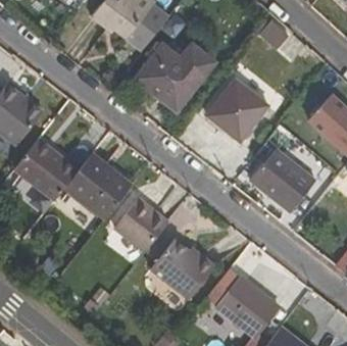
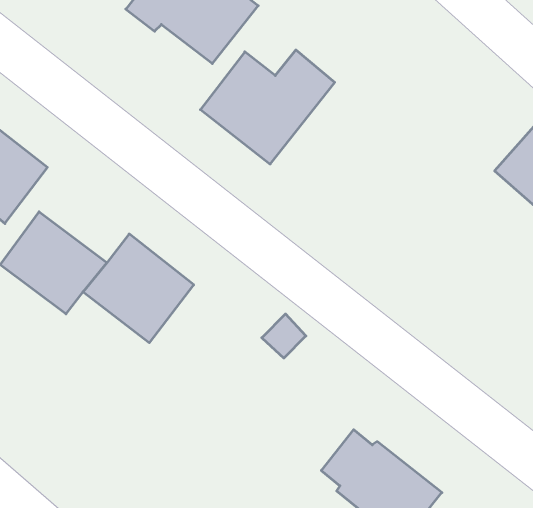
building: [206,79,268,141] -> none
building: [250,149,315,212] -> none
building: [114,197,167,251] -> none
building: [150,238,215,299] -> none

